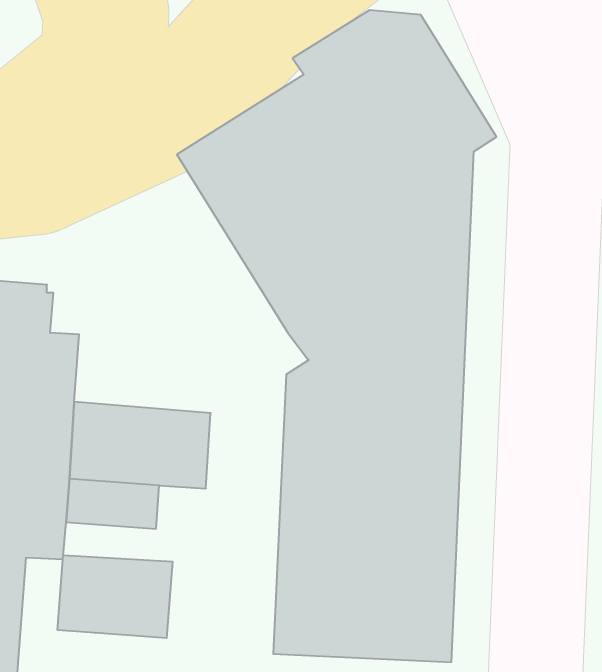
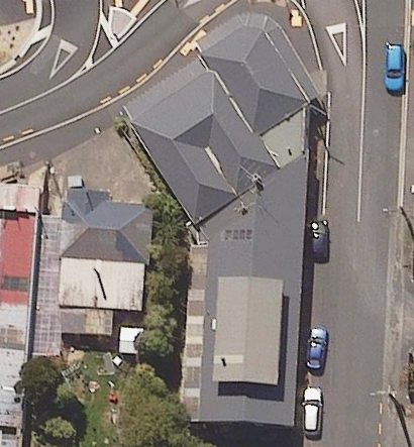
building: none -> [56,192,152,267]
building: [58,555,173,638] -> none

